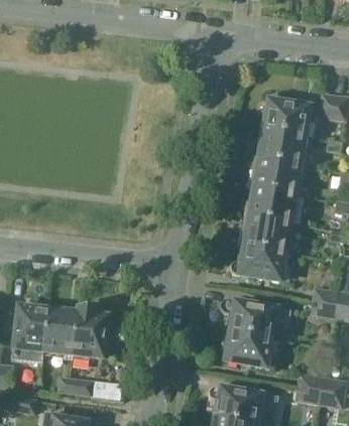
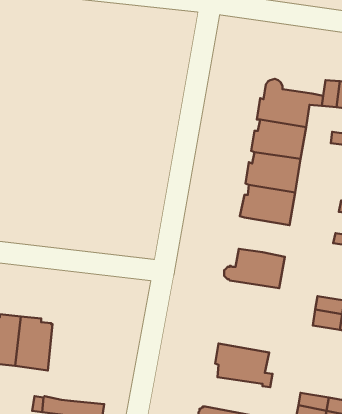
building: [241,218,289,253] -> none
building: [221,301,289,338] -> none
building: [73,308,107,358] -> none

